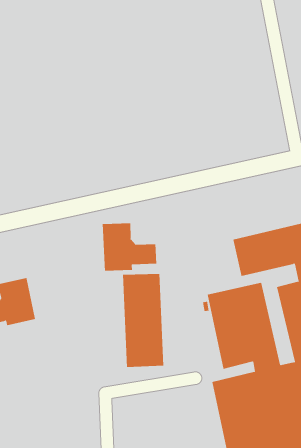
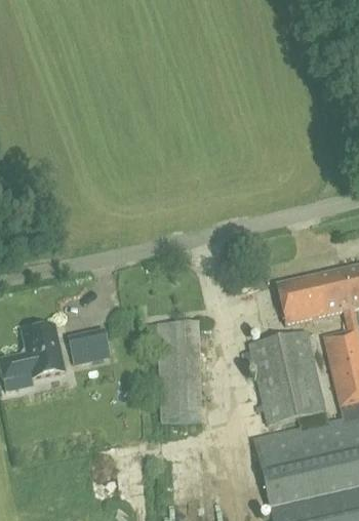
building: [102,222,157,271] -> none
building: none -> [72,331,113,362]

